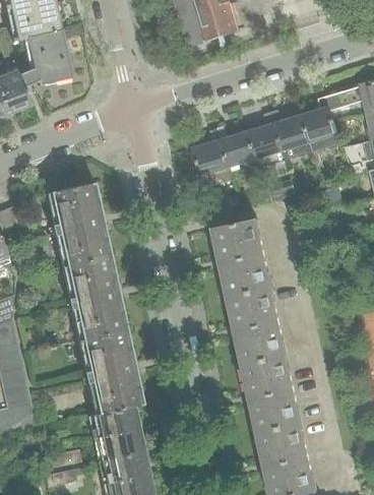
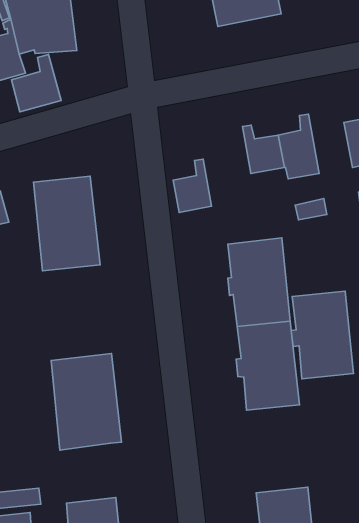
building: none -> [12,54,61,112]
building: [269,110,311,161] -> none
building: [192,128,227,175] -> [173,159,212,213]
building: [61,256,126,341] -> none
building: [244,356,302,433] -> [291,291,353,379]
building: [91,405,142,458] -> none

